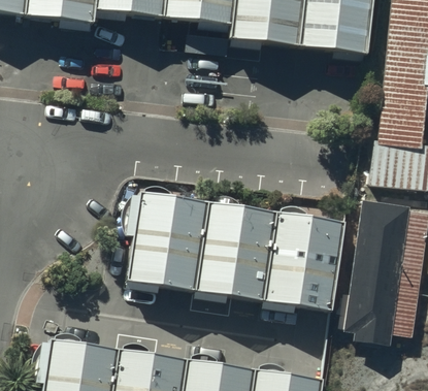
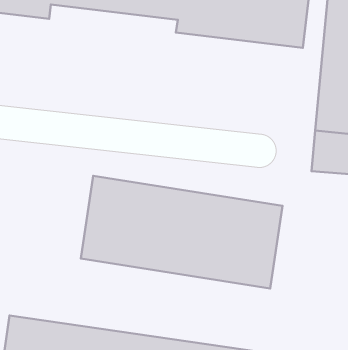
building: [345,201,410,349] -> none

